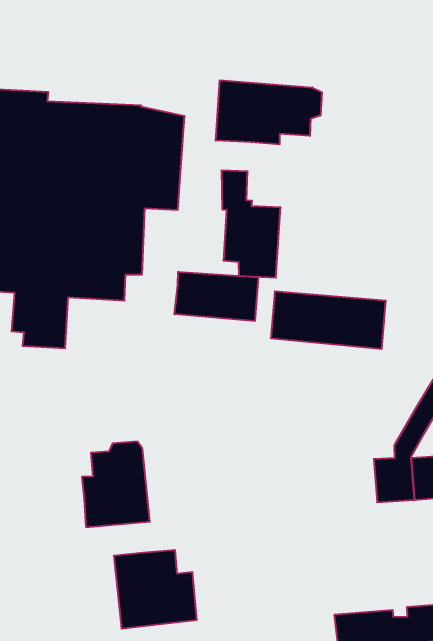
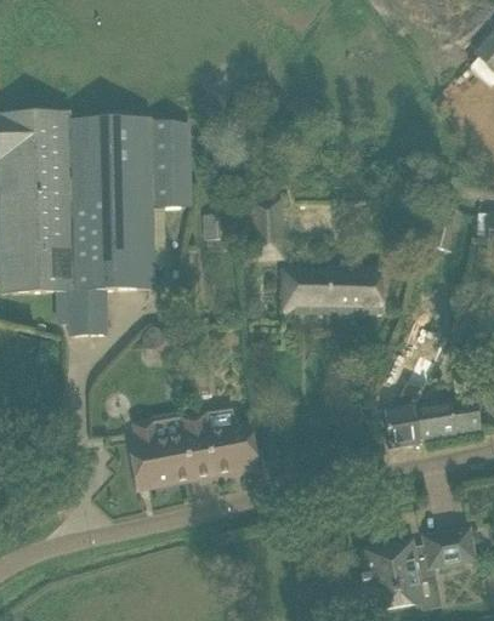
building: [216,80,322,144] -> none
building: [174,272,258,321] -> none
building: [114,550,197,629] -> [180,408,257,480]

